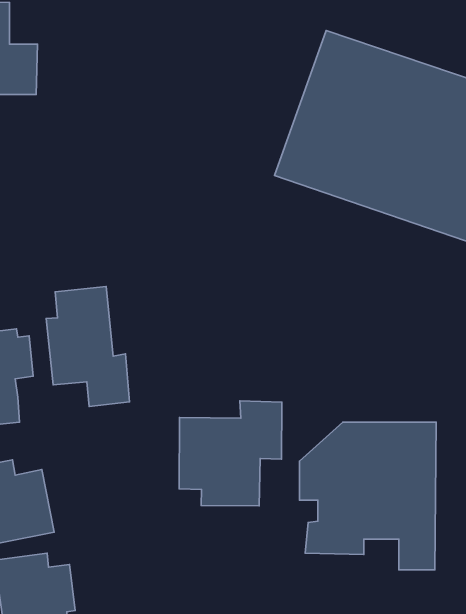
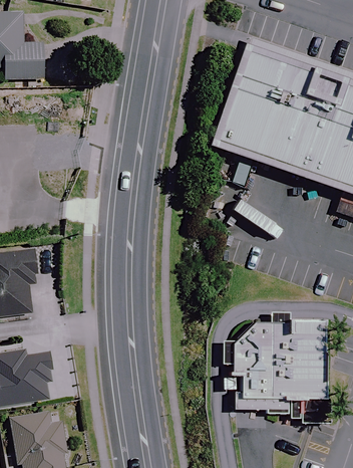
building: [46,287,130,406] -> none
building: [179,401,282,506] -> none

